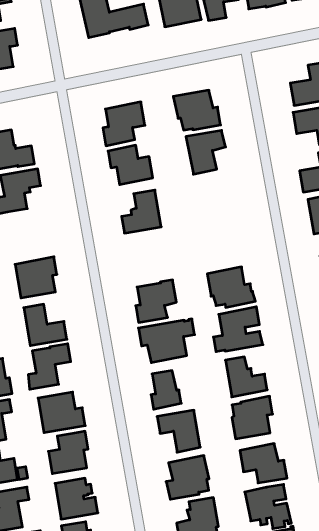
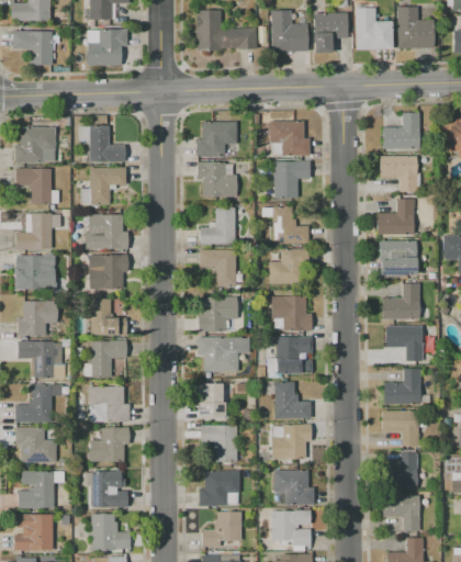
building: none -> [273,206,310,244]
building: none -> [86,215,128,249]
building: none -> [269,249,308,284]
building: none -> [200,249,237,286]

